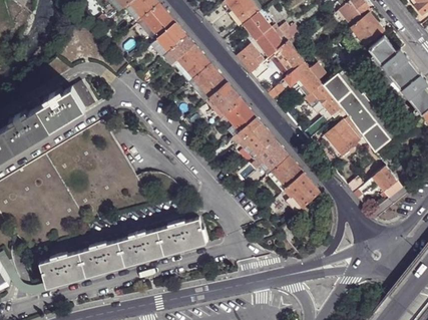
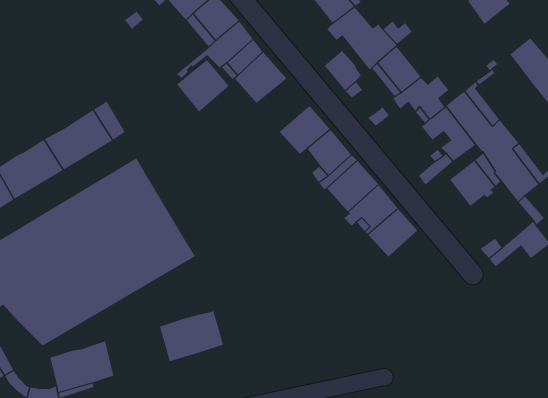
building: [351,13,384,44] -> none
building: [188,64,227,102] -> [176,59,230,113]
building: [283,173,320,223] -> none
building: [158,218,206,254] -> none
building: [81,241,126,276] -> none

